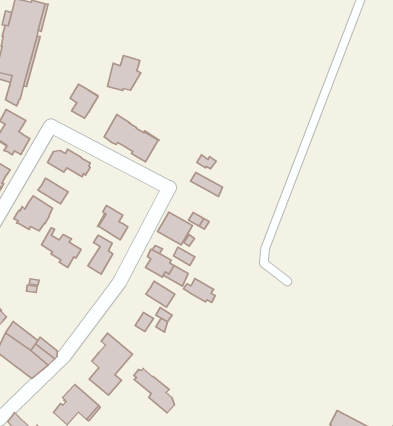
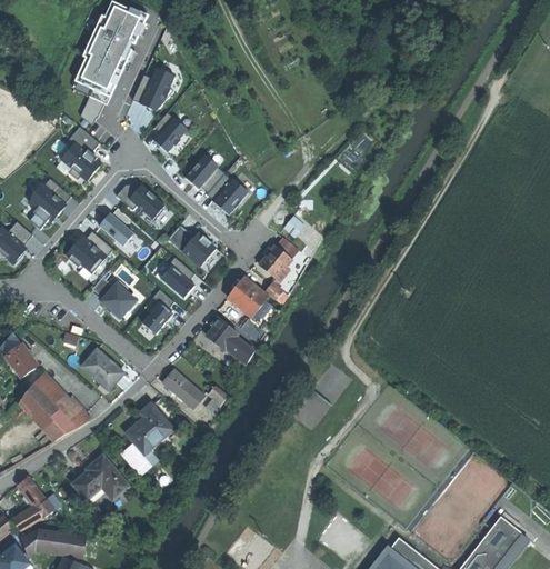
building: [107,56,141,91] -> [132,68,174,109]
building: none -> [167,224,216,267]
building: none -> [260,246,292,279]
building: [184,279,215,303] -> none
building: [146,281,175,307] -> [162,368,196,400]
building: none -> [82,349,124,390]
building: [134,368,174,413] -> none

